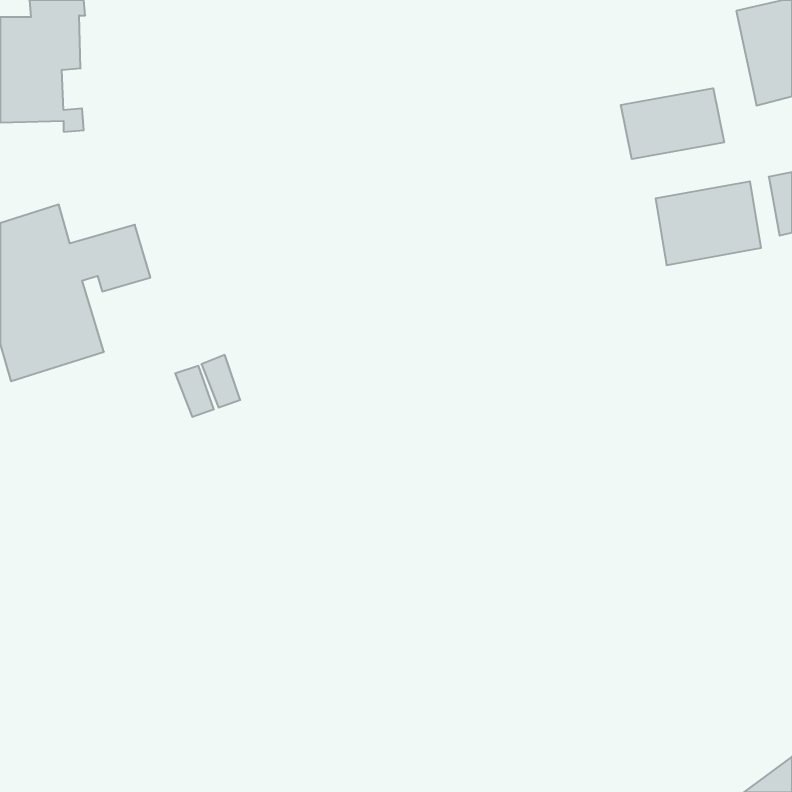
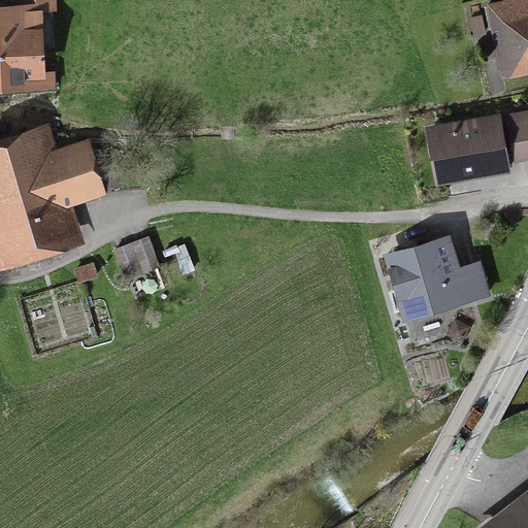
building: [621,88,724,159] -> none
building: none -> [394,239,488,309]

